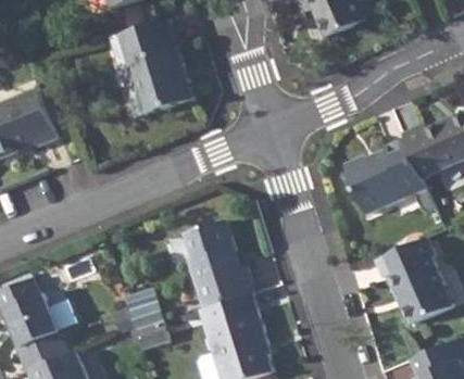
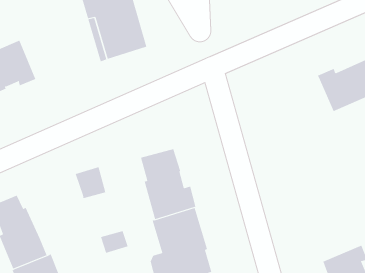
building: [343,138,434,213] -> none
building: [373,237,451,323] -> none
building: [125,290,163,329] -> [75,167,106,199]

